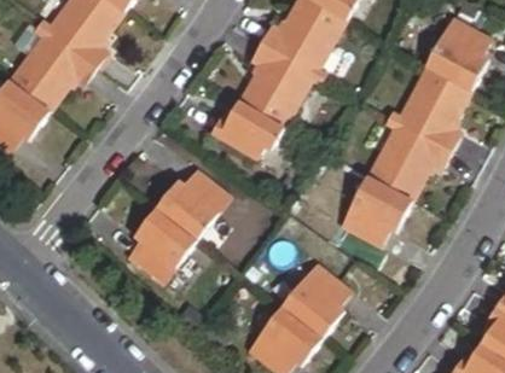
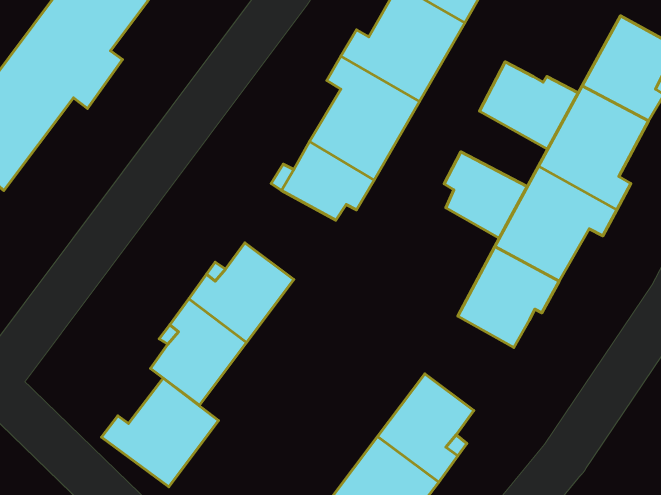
building: none -> [480,62,578,149]
building: none -> [444,152,527,238]
building: none -> [101,378,218,487]

